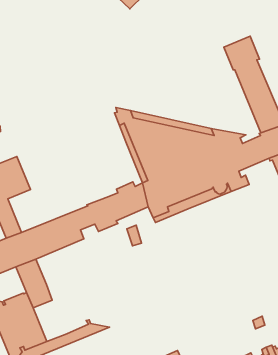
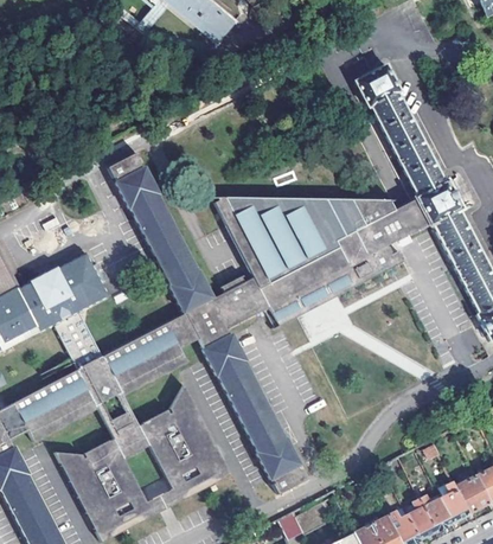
building: none -> [109,154,213,313]
building: none -> [201,332,306,491]
building: none -> [140,384,230,488]

